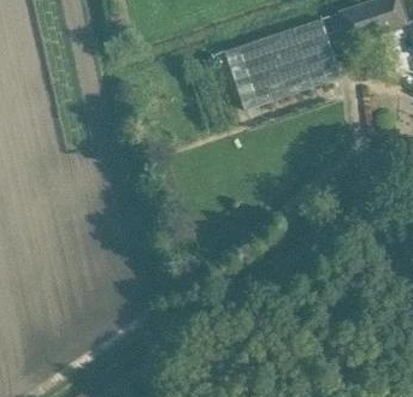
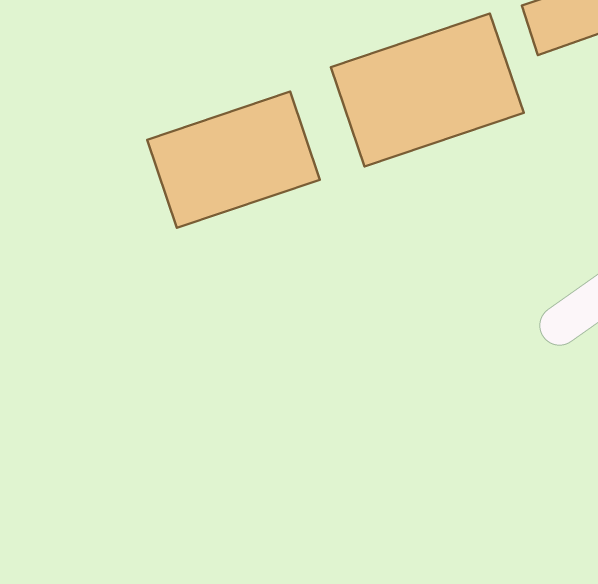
building: none -> [147,91,320,228]

